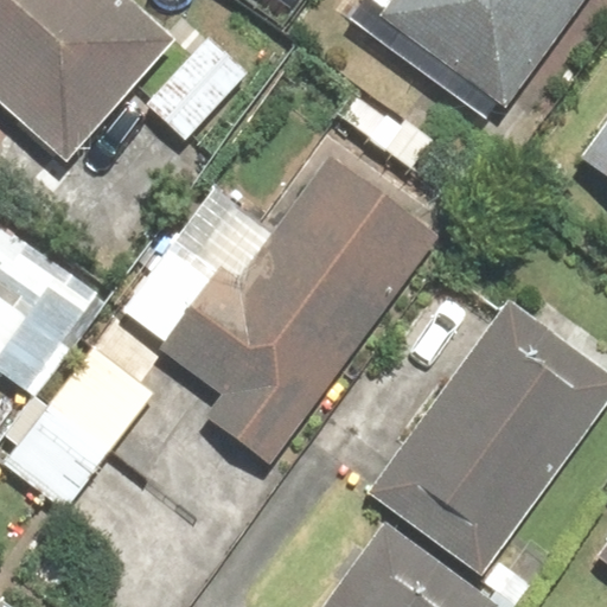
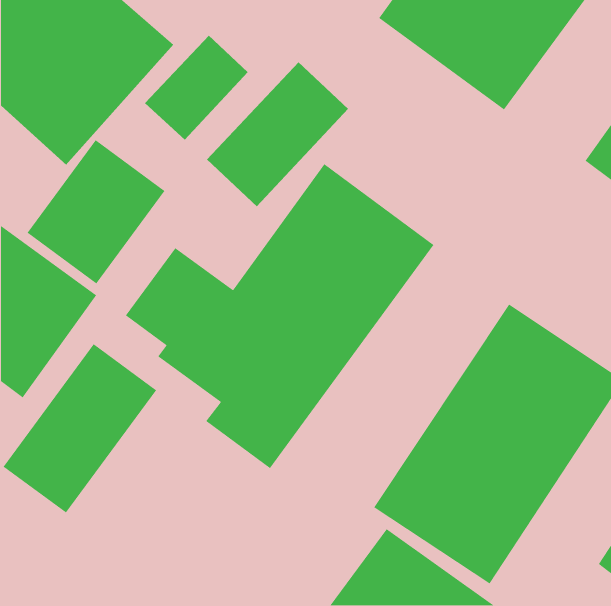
building: none -> [206,61,349,207]
building: none -> [27,139,166,284]

